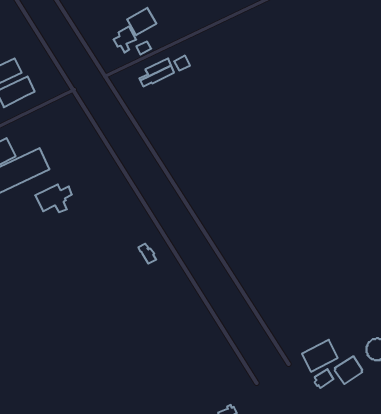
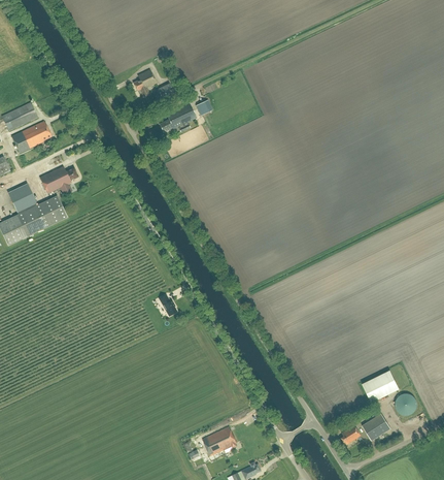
building: [127,8,156,35] -> none
building: [35,184,72,212] -> [39,165,77,194]
building: [302,340,338,372] -> [362,370,399,403]
building: none -> [203,426,237,455]

